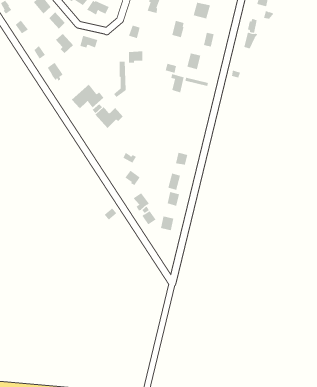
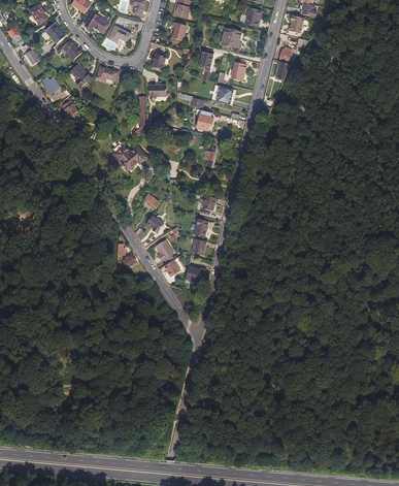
building: [71,84,104,109] -> none

